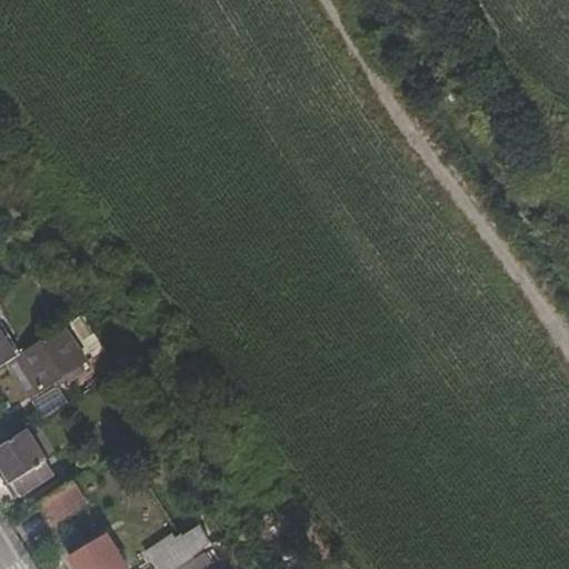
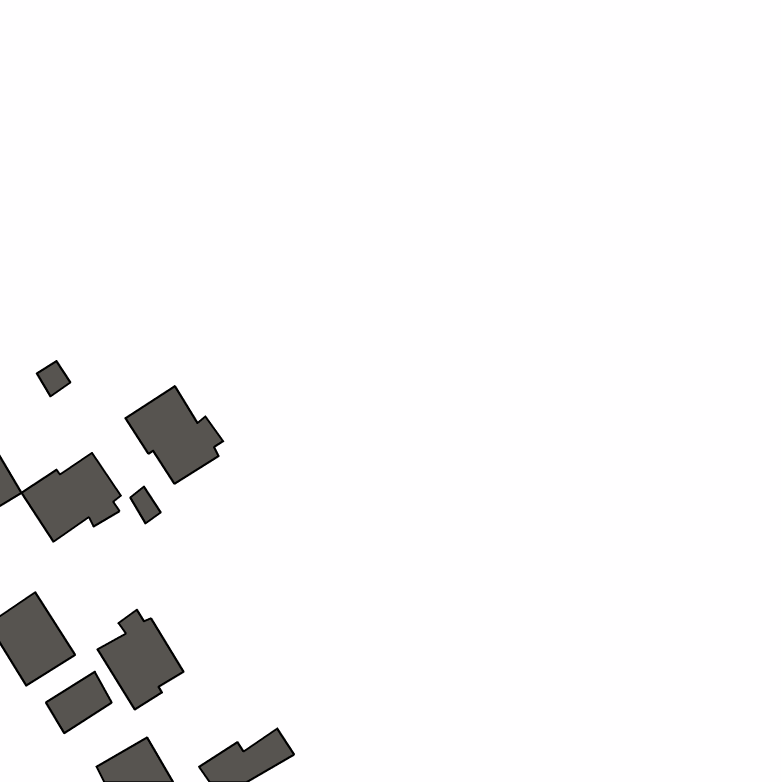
building: none -> [125,386,223,484]
building: none -> [97,610,183,710]

